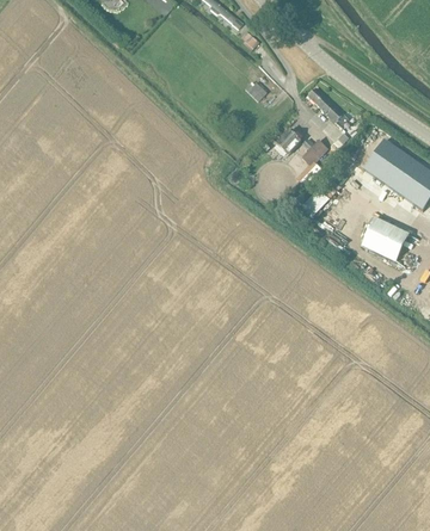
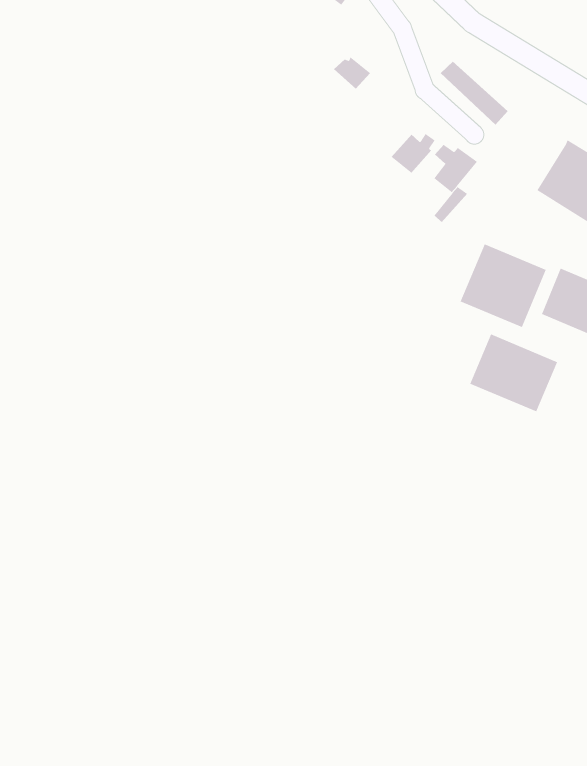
building: none -> [460,244,547,328]
building: none -> [470,334,558,412]

